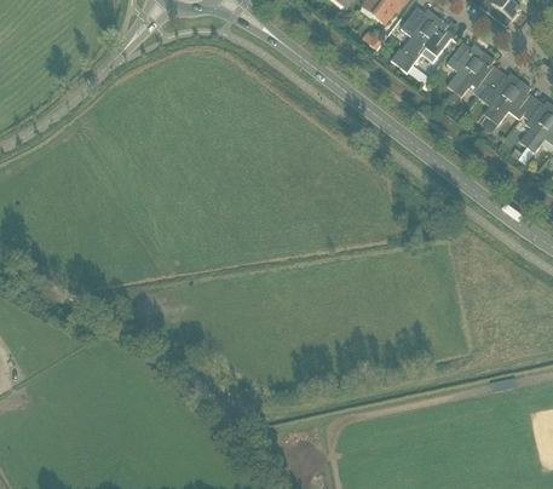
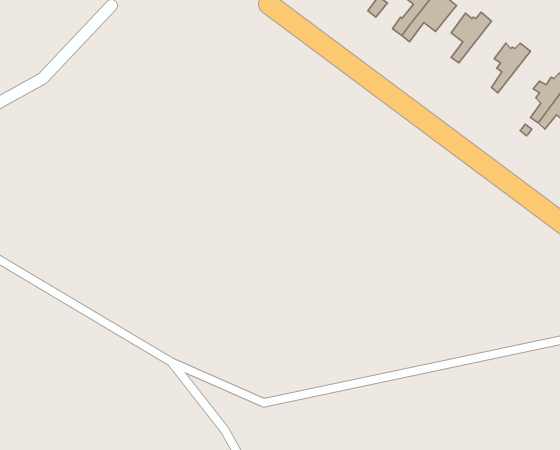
building: [454,51,497,96] -> none
building: [490,79,534,123] -> none

